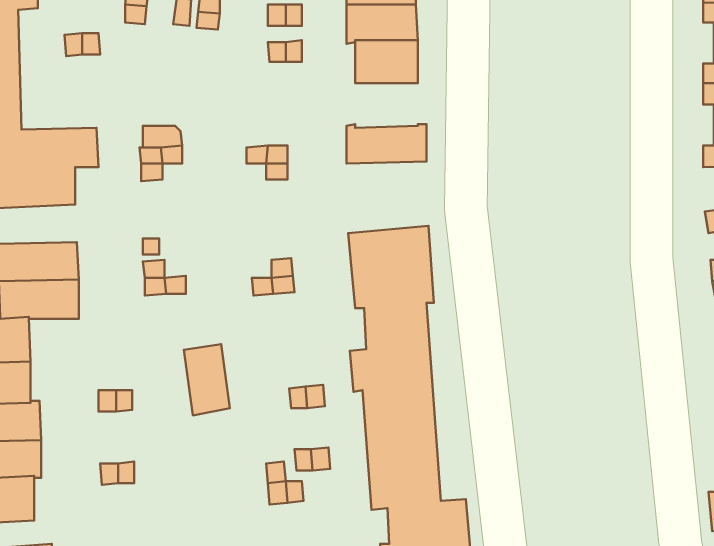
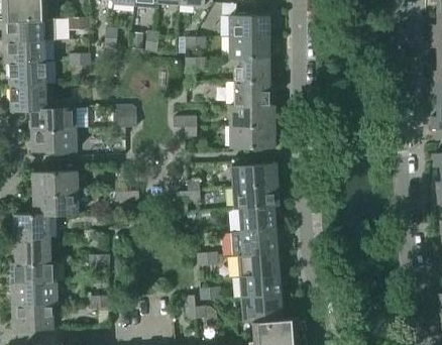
building: none -> [234,82,269,107]
building: none -> [229,126,274,148]
building: [184,344,230,415] -> none

